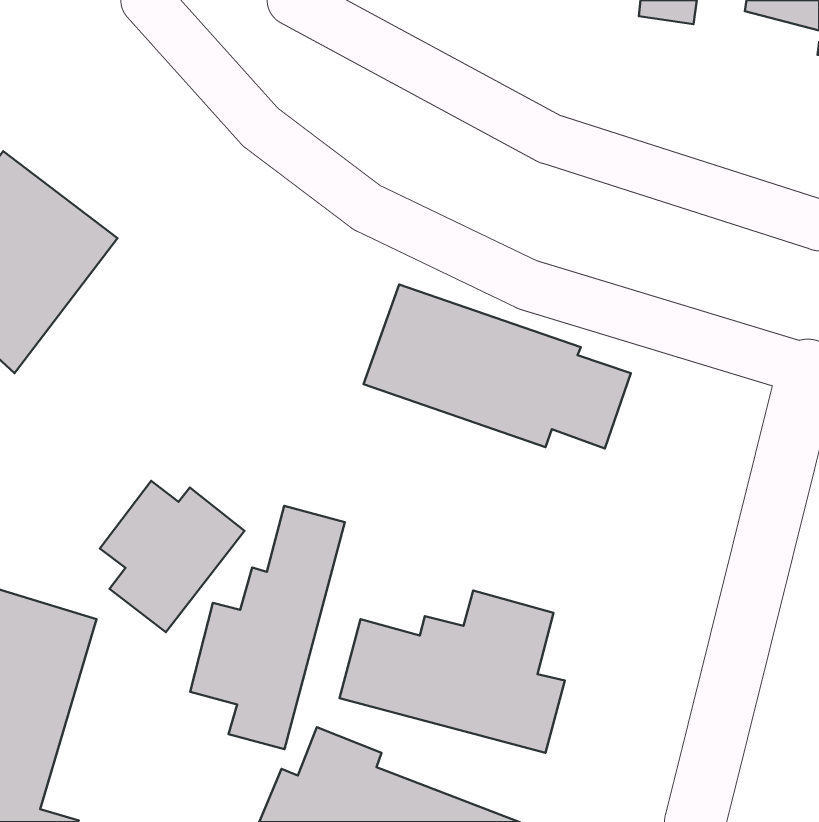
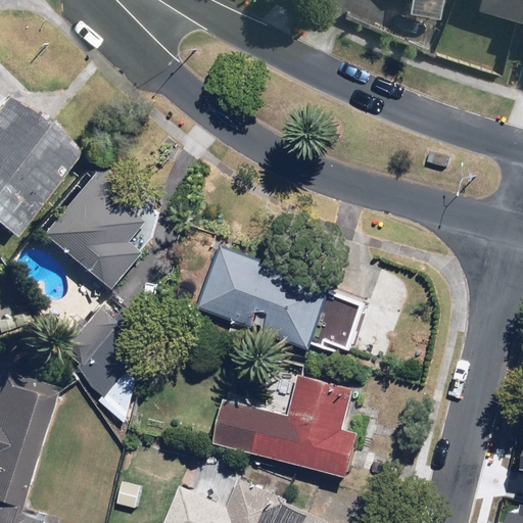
building: none -> [36,160,148,294]
building: [364,285,631,449] -> [195,246,365,350]
building: [190,506,345,749] -> none

